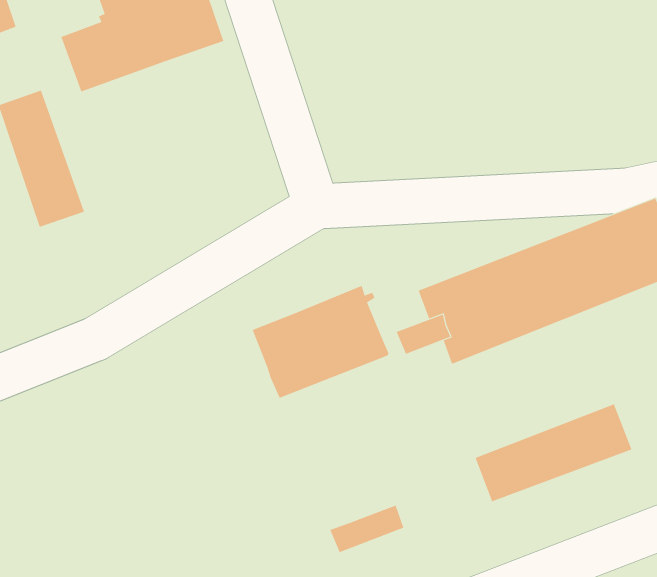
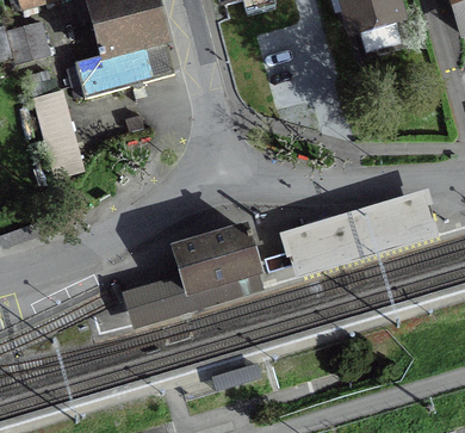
building: none -> [120,271,265,329]
building: [475,403,632,502] -> none

